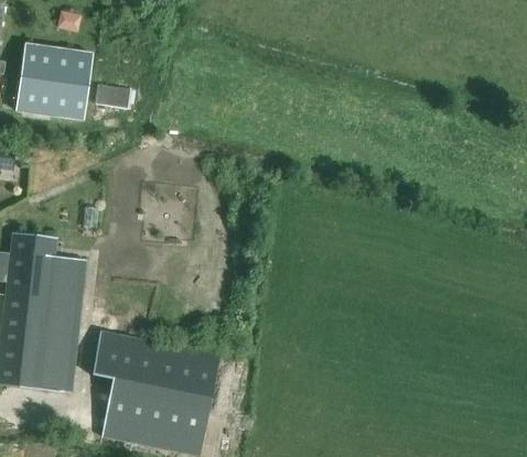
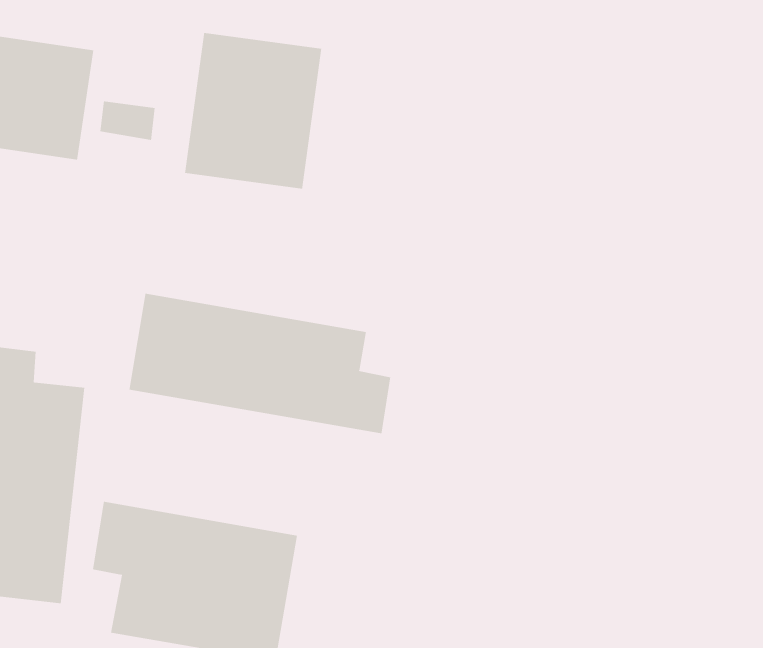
building: none -> [184,32,322,189]
building: none -> [129,293,391,434]

